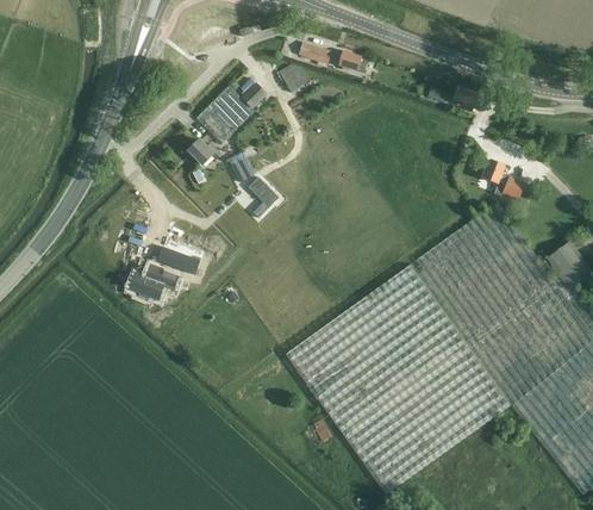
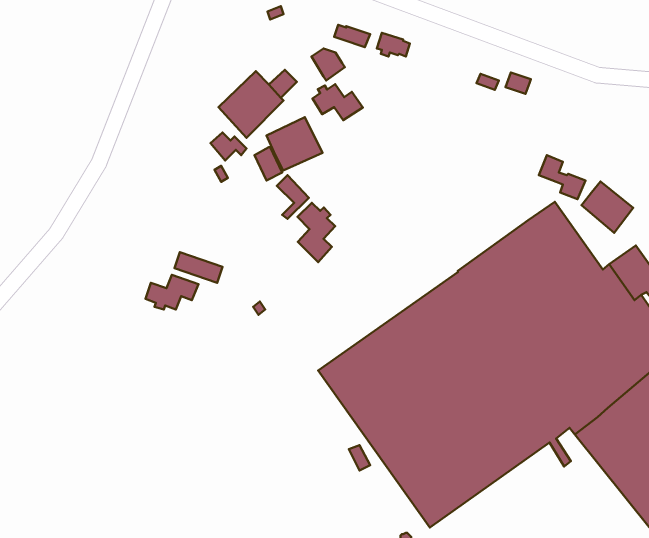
building: none -> [312,84,363,120]
building: none -> [266,117,323,170]
building: none -> [581,182,633,233]
building: none -> [298,203,335,262]

